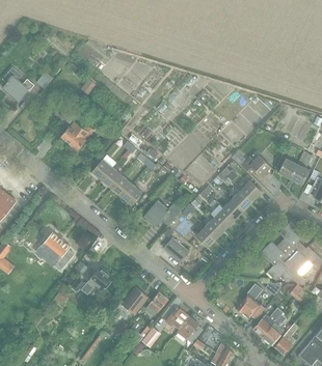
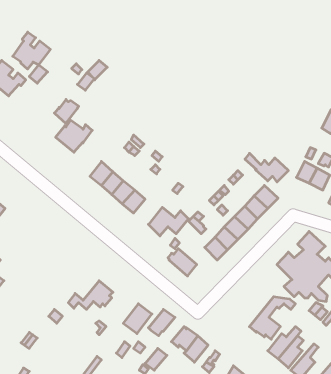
building: none -> [13,32,50,69]
building: [42,232,73,270] -> none

